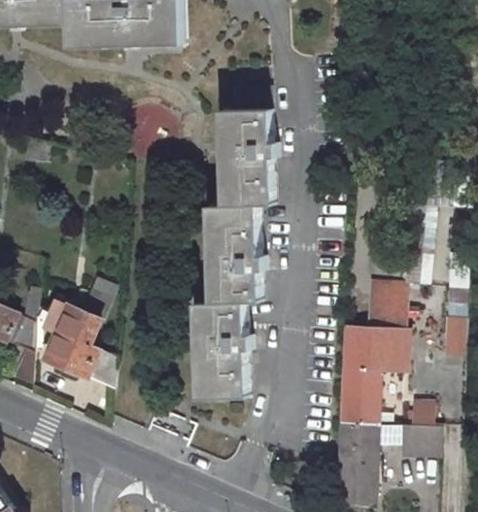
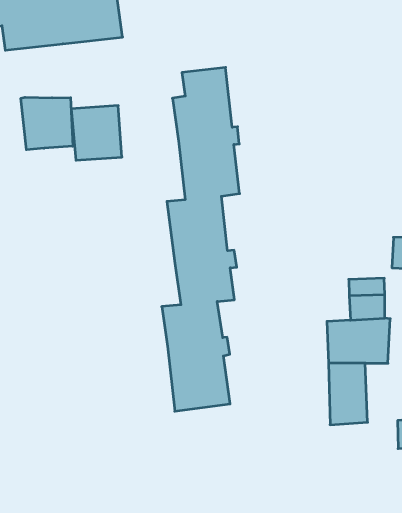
building: none -> [21,97,73,150]
building: [44,289,112,387] -> none
building: [335,422,374,499] -> none

